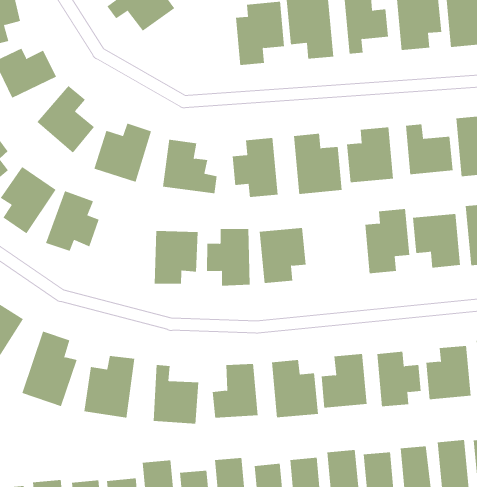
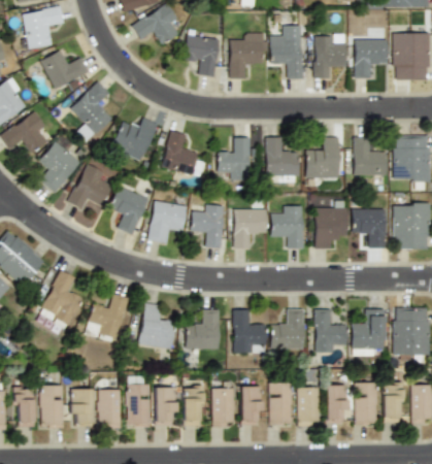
building: none -> [184,35,220,78]
building: none -> [108,185,148,235]
building: none -> [270,205,304,248]

